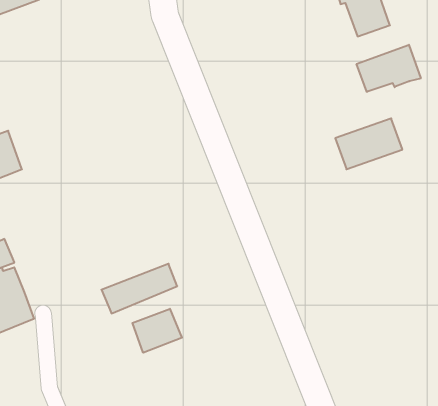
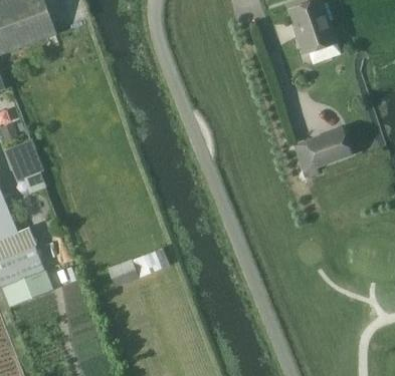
building: [357,45,421,92] -> none
building: [132,309,182,353] -> none

